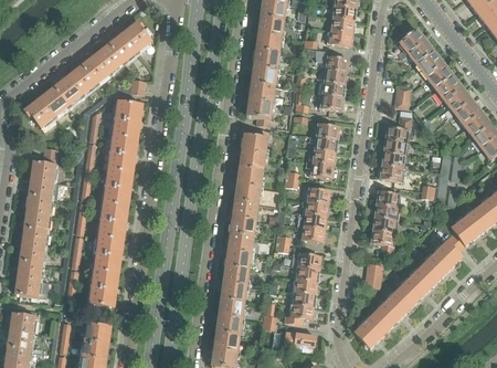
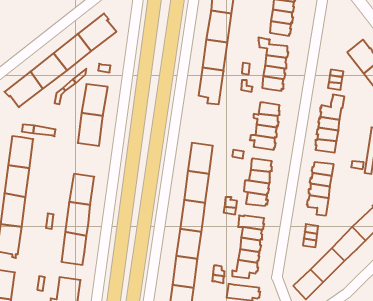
building: [399,29,434,65] -> none
building: [239,129,268,172] -> none
building: [104,169,133,208] -> none

